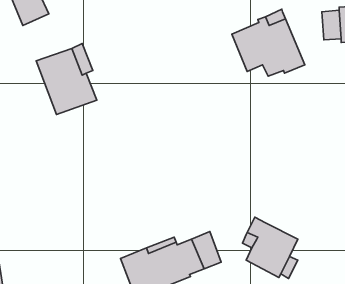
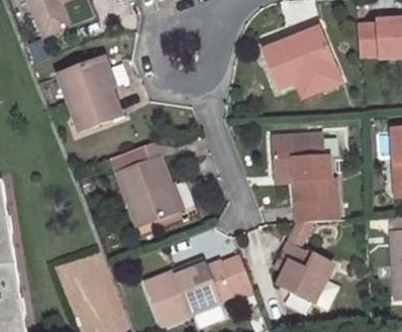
building: none -> [272,134,337,221]
building: none -> [115,140,178,226]

